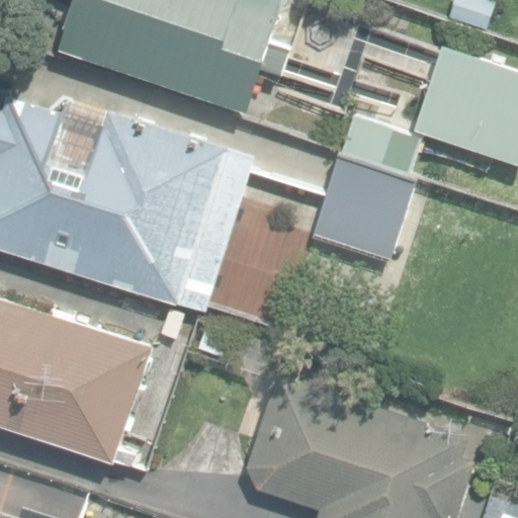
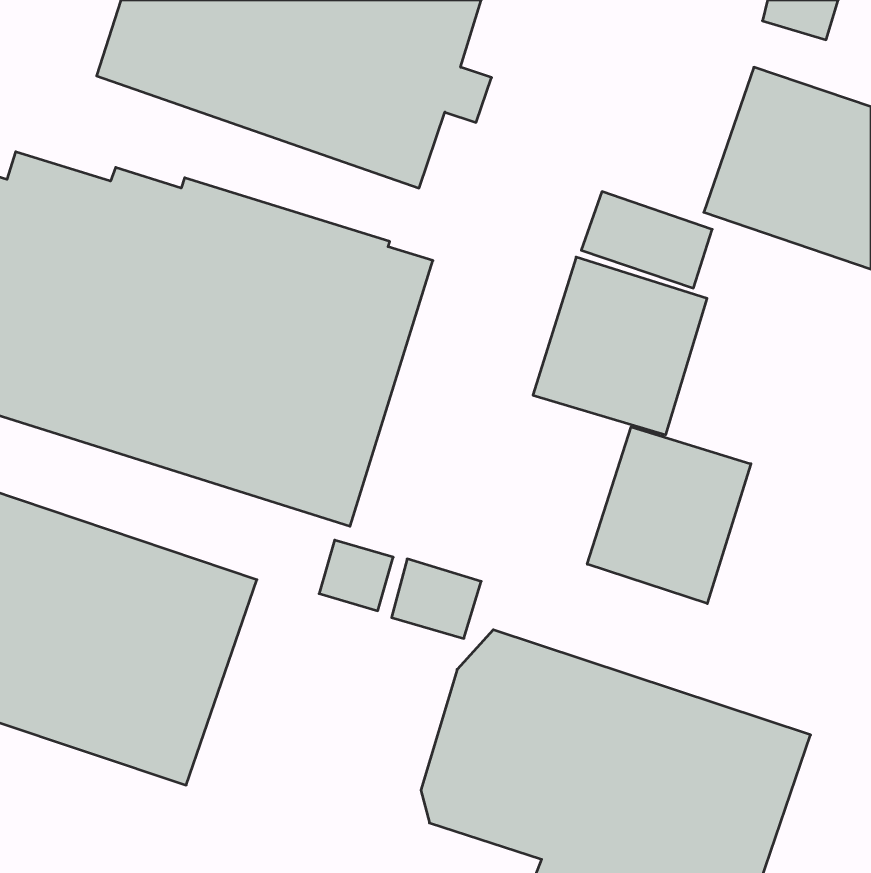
building: none -> [587,427,751,604]

